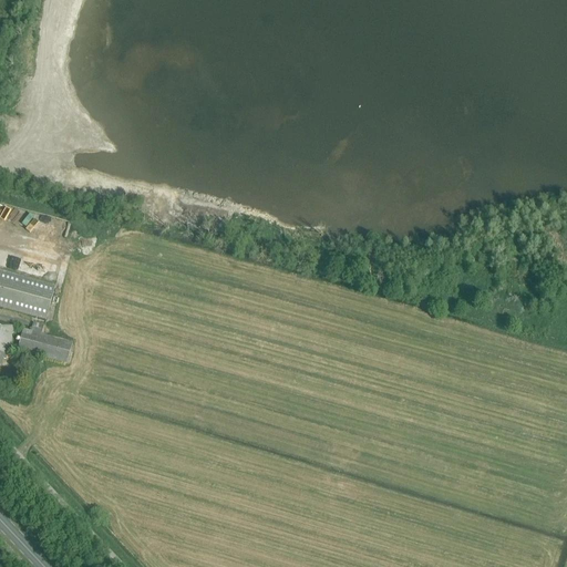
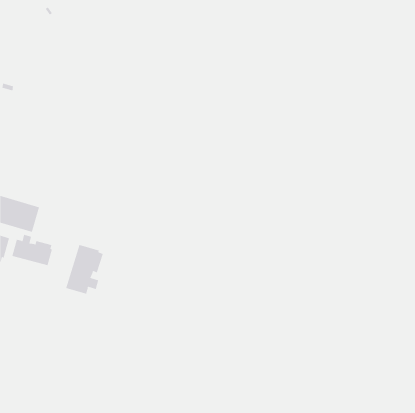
building: none -> [66,244,104,294]

